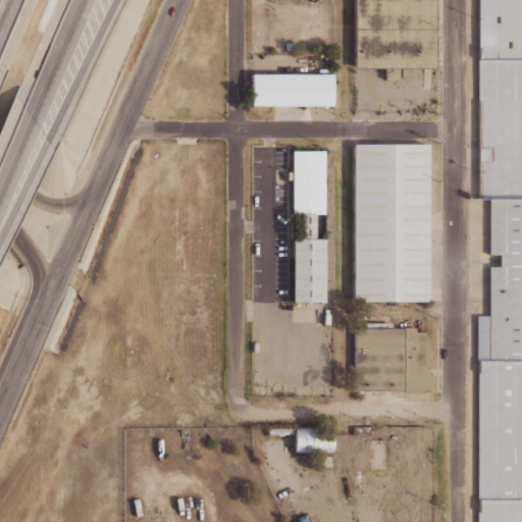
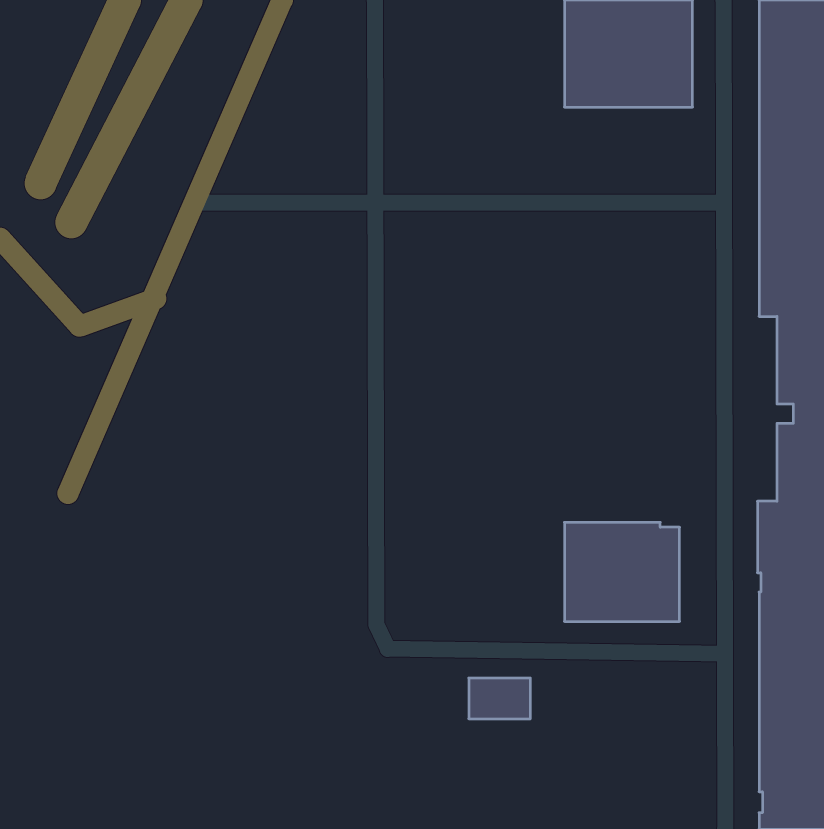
building: [255,73,335,105] -> none
building: [356,144,431,301] -> none
building: [295,151,327,302] -> none

